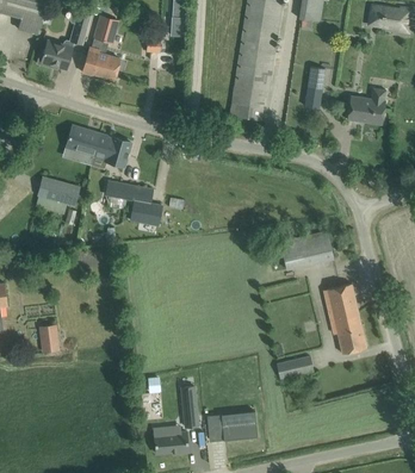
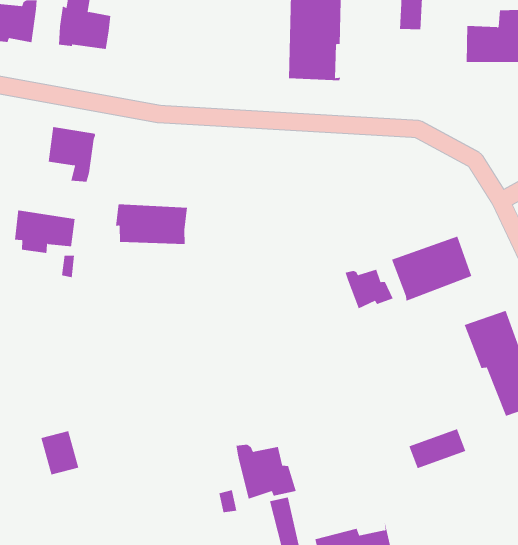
building: [93,133,131,167] -> none
building: none -> [345,269,393,309]
building: none -> [236,444,297,499]

